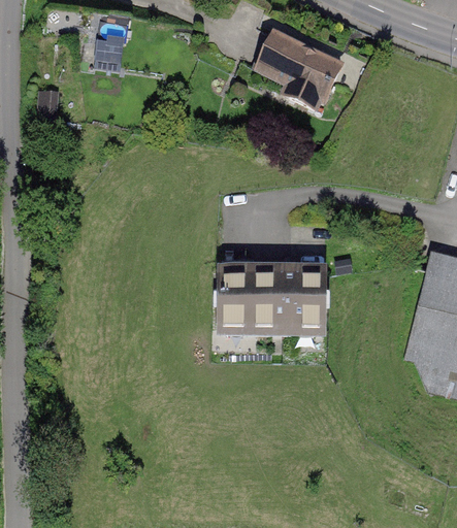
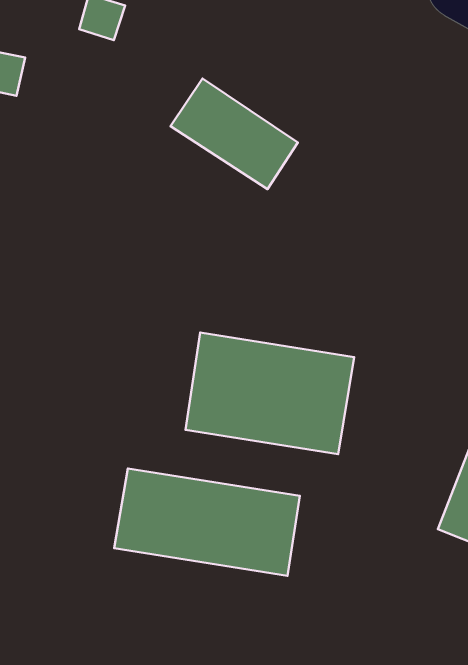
building: [249,31,340,102] -> [170,78,298,189]
building: none -> [114,468,300,576]

